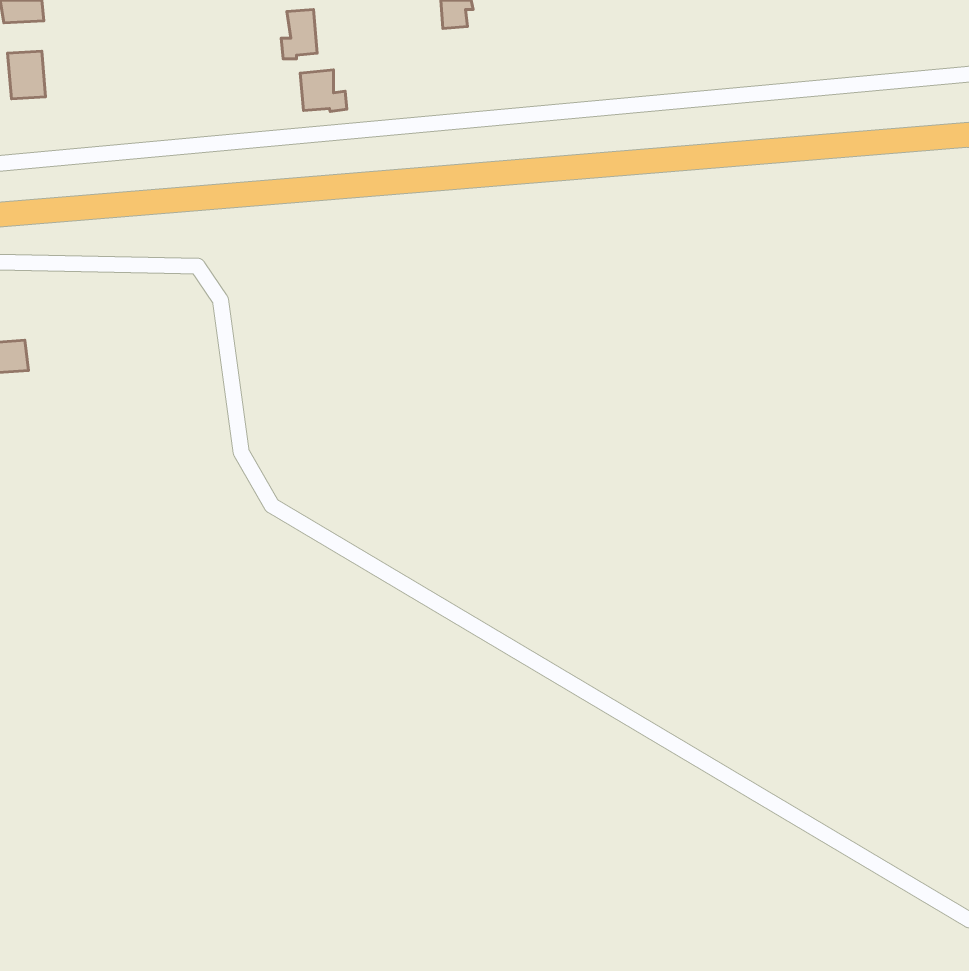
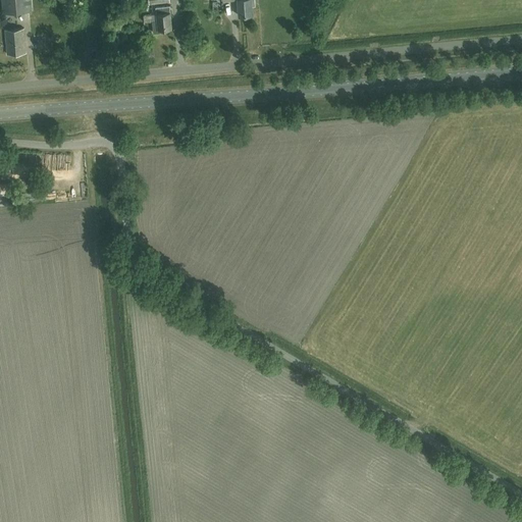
building: [300,70,347,112] -> none

